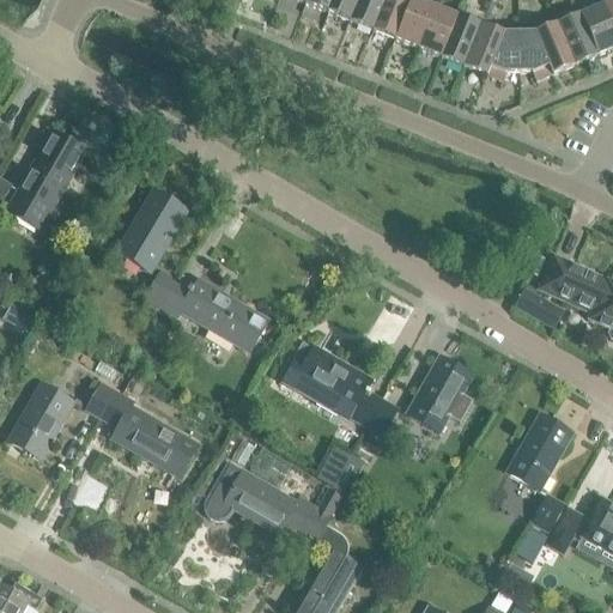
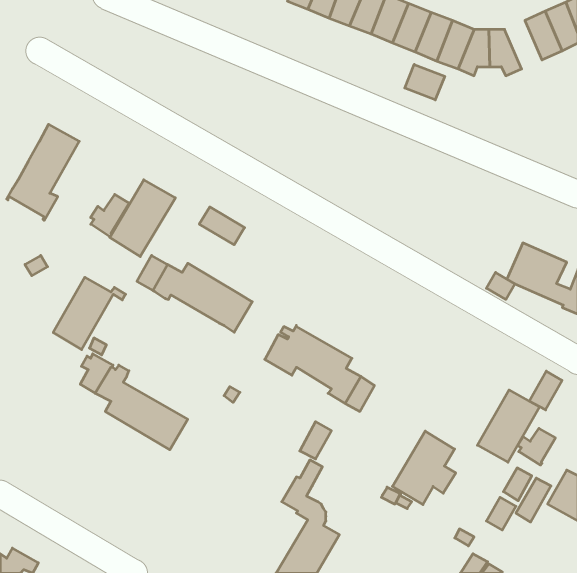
building: [535,22,575,73] -> none
building: none -> [405,64,445,100]
building: none -> [91,194,129,237]
building: none -> [199,207,245,245]
building: [406,354,473,432] -> [392,431,456,505]
building: [8,382,85,459] -> [53,277,126,350]
building: none -> [529,371,562,410]
building: none -> [518,428,555,465]
building: [202,461,315,534] -> none

